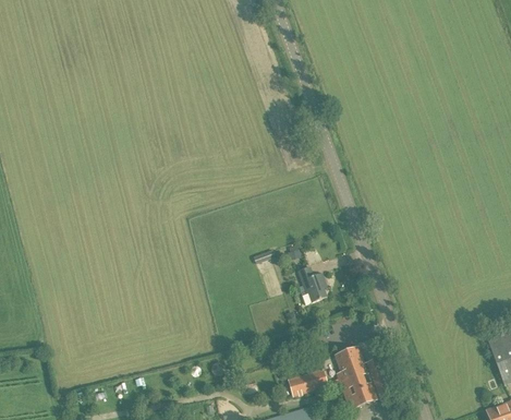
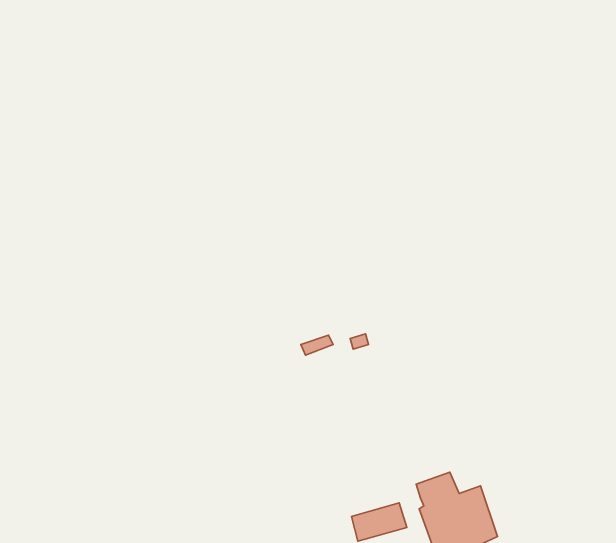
building: [297,266,325,304] -> none

